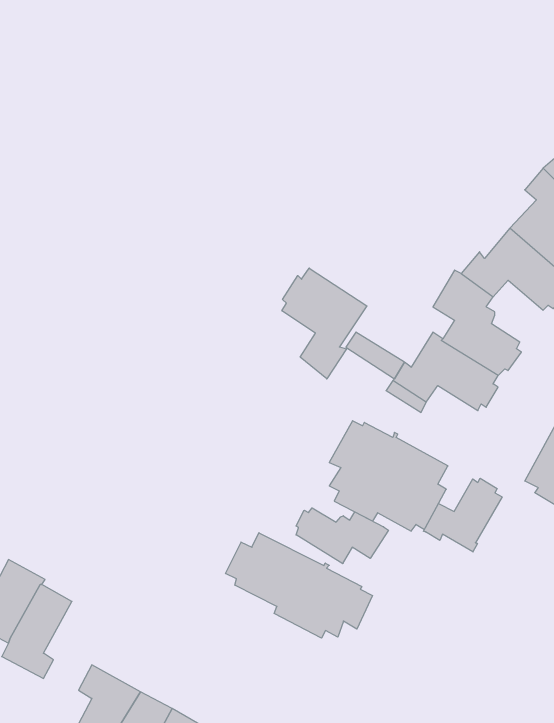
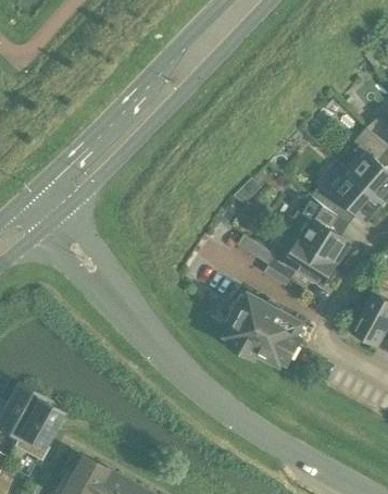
building: [282,268,367,379] -> none
building: [423,478,502,552] -> none
building: [296,508,388,564] -> none
building: [226,533,372,638] -> none

